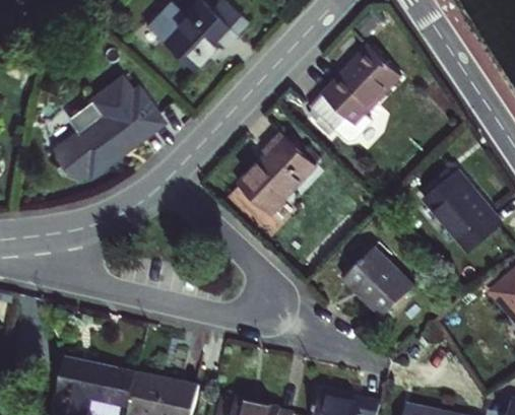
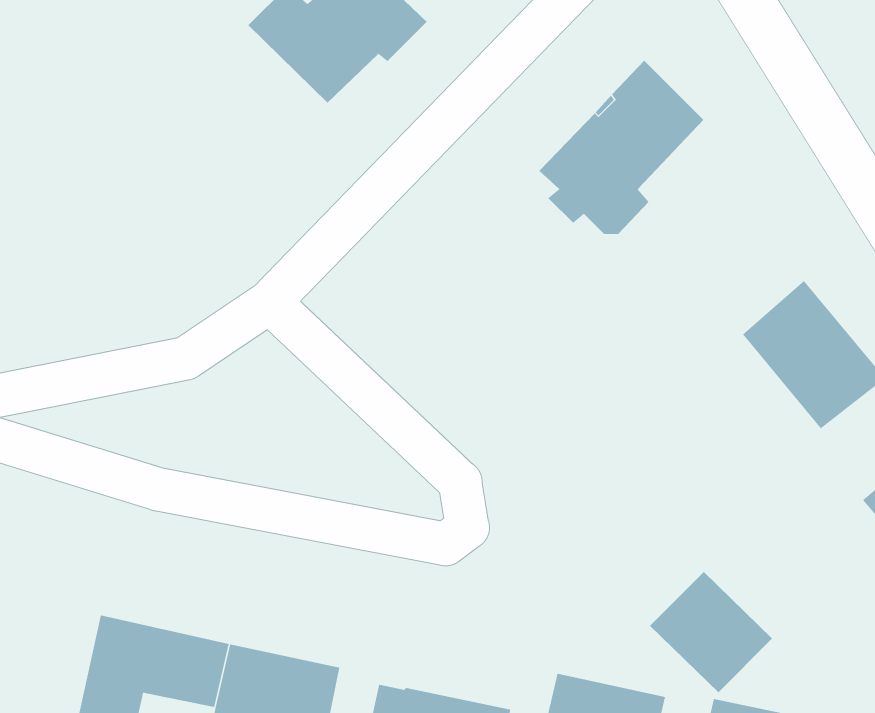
building: [51,79,162,181] -> none
building: [239,133,315,215] -> none
building: [343,248,412,316] -> [649,571,773,693]

